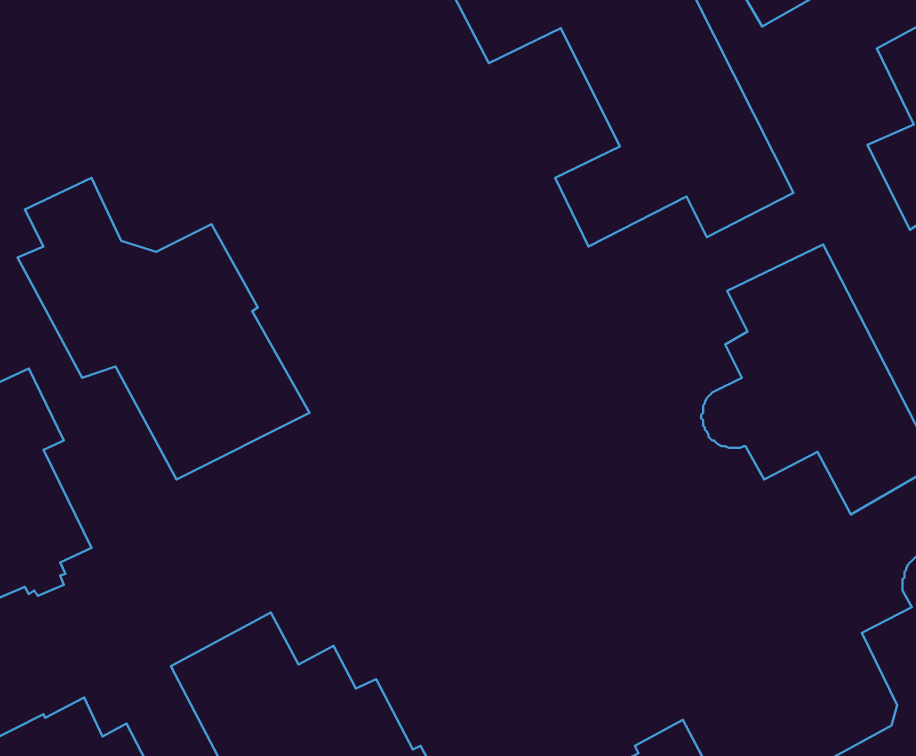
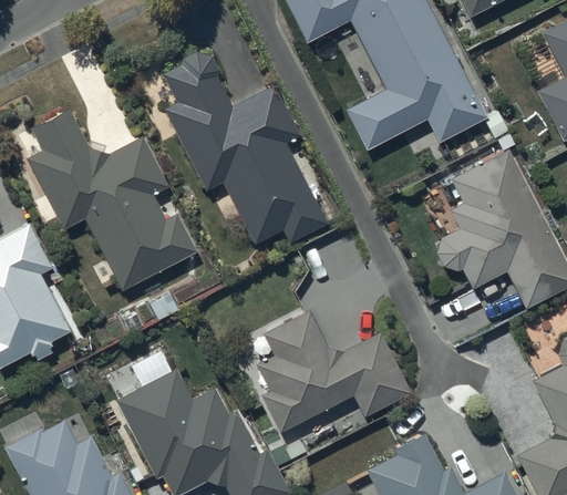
building: none -> [163,48,330,245]
building: none -> [257,311,411,435]

